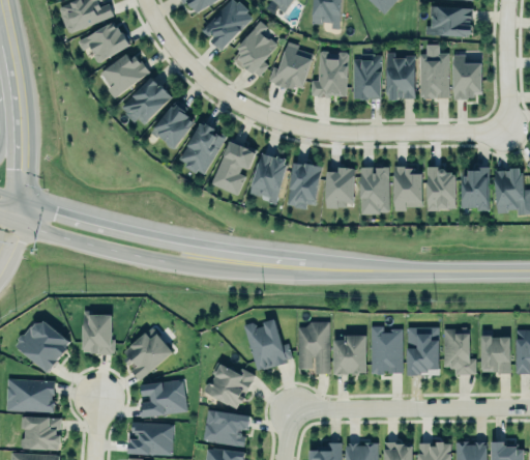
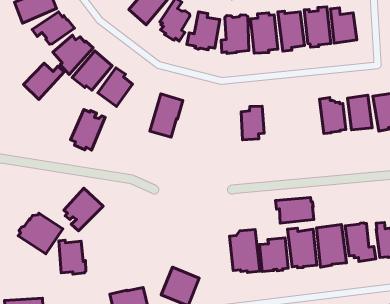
building: none -> [24,63,64,100]
building: [180,124,227,176] -> [70,109,105,150]
building: [251,155,288,206] -> none
building: [286,163,322,210] -> none
building: [394,166,422,211] -> none
building: [360,167,389,214] -> none
building: none -> [276,197,314,223]
building: [14,319,71,371] -> [18,213,63,254]
building: [244,321,292,371] -> none
building: [123,326,173,379] -> [64,188,103,231]

